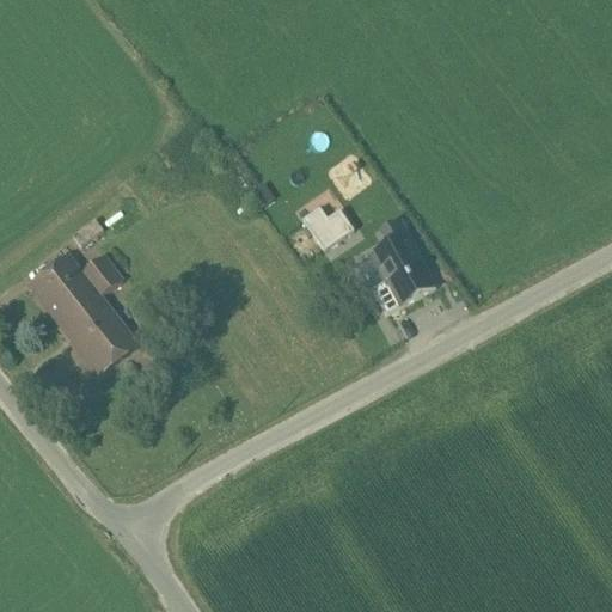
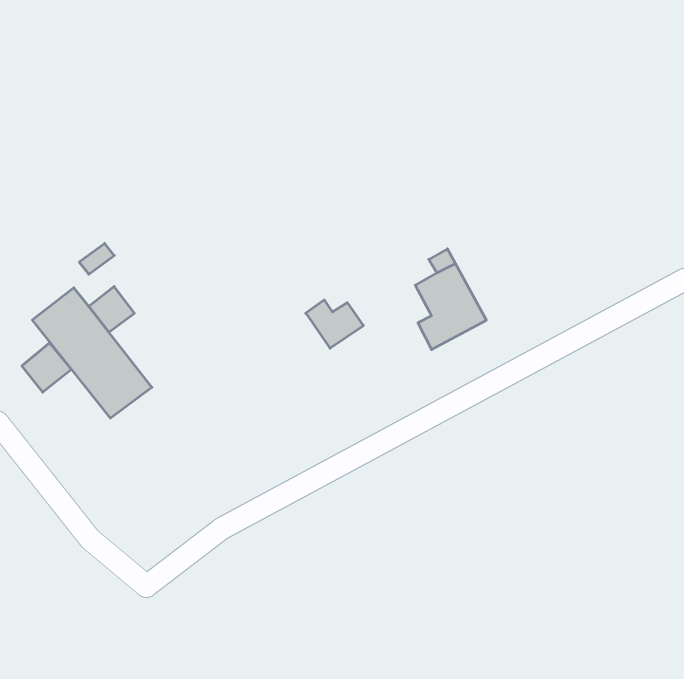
building: [301,206,353,249] -> [306,300,363,348]
building: none -> [22,343,72,392]

